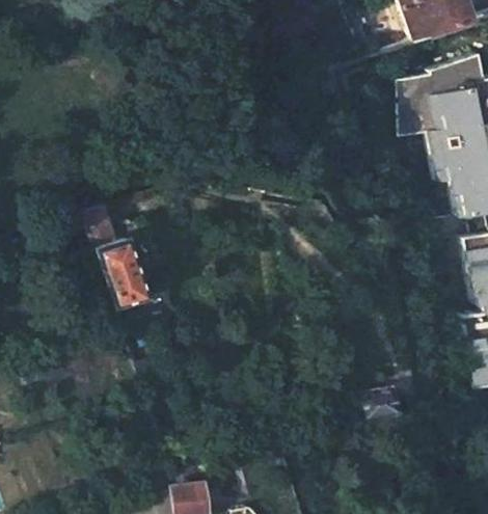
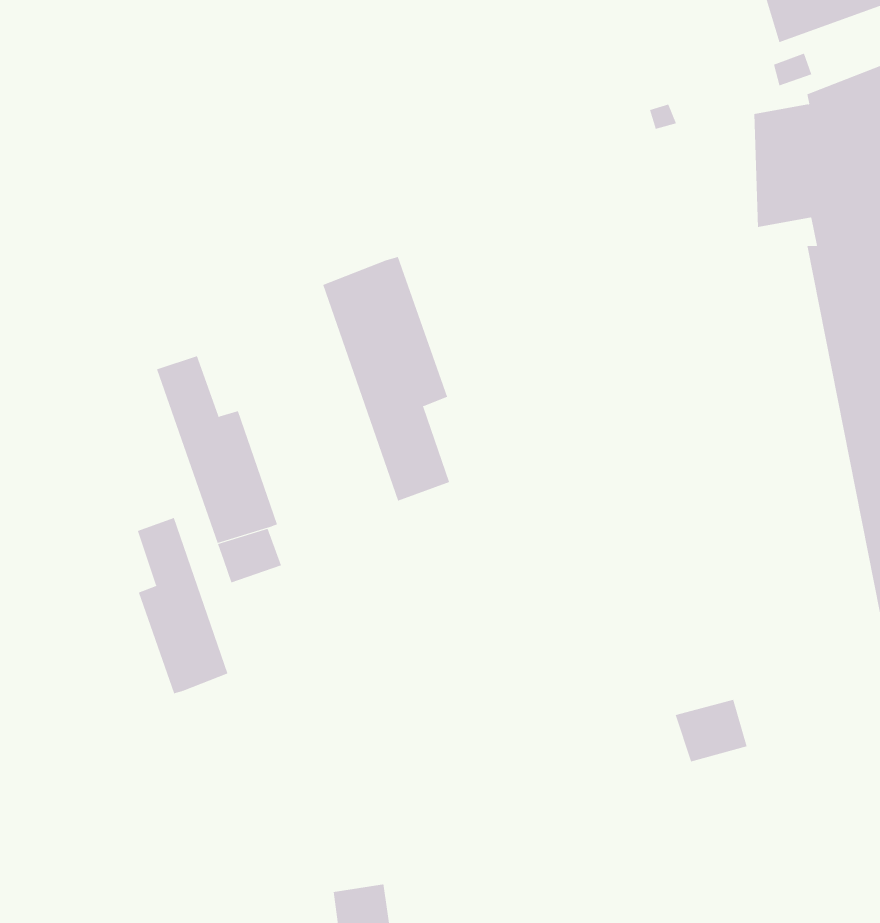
building: none -> [322,256,450,501]
building: none -> [137,517,228,694]

